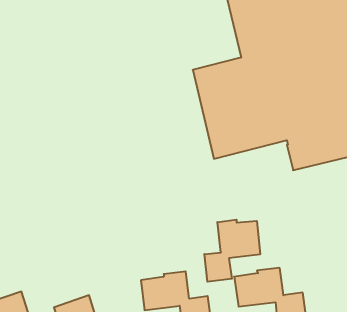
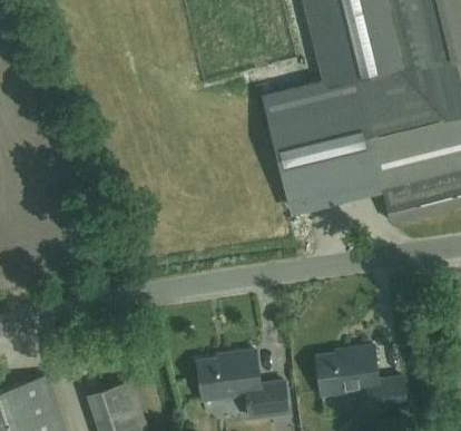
building: [204,220,260,282] -> none

